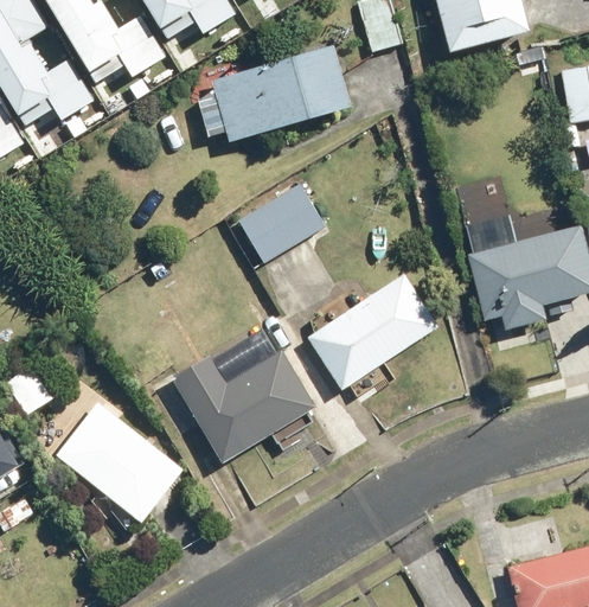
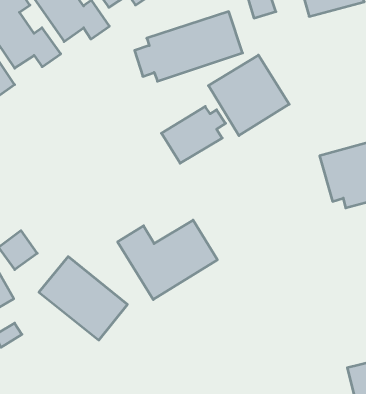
building: none -> [208,55,289,136]
building: [308,273,440,389] -> none

